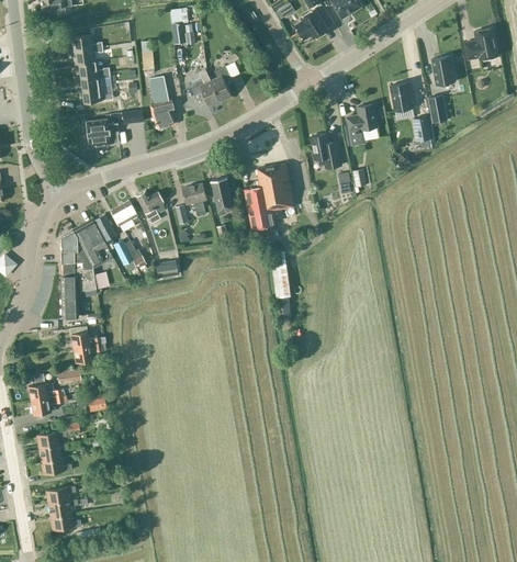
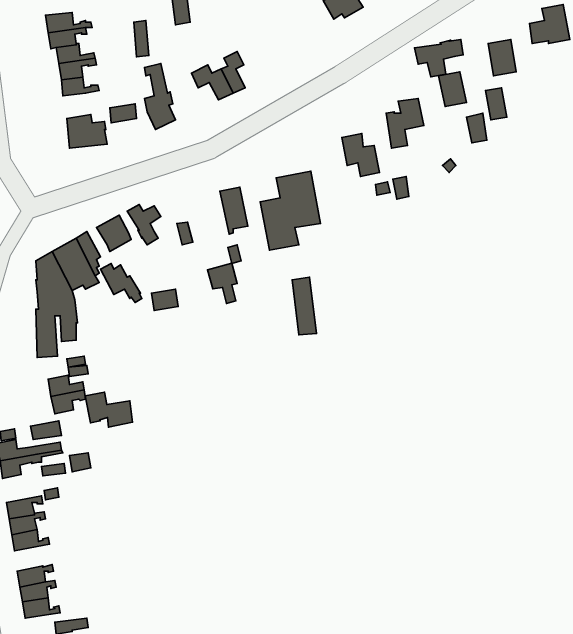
building: none -> [415,40,463,77]
building: [182,182,206,215] -> [208,263,237,304]
building: none -> [85,392,132,427]

